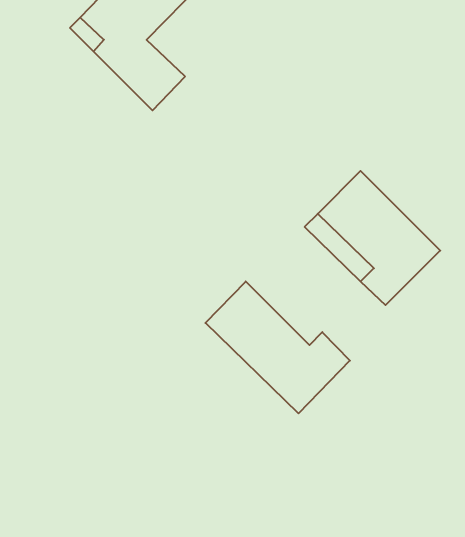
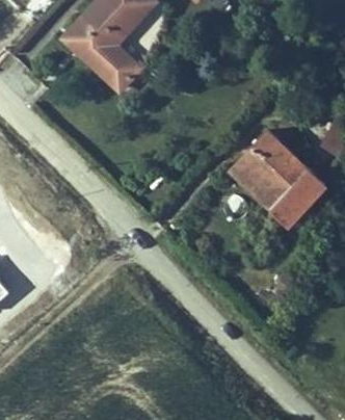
building: [205,281,350,413] -> none

